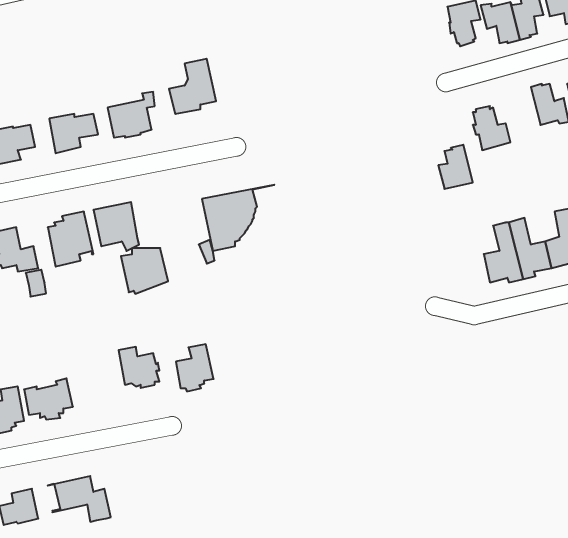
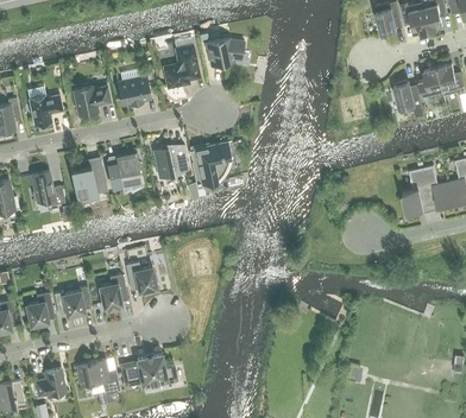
building: none -> [203,38,244,66]
building: [438,145,473,189] -> [418,66,445,100]
building: [121,248,168,294] -> [153,145,189,179]
building: [176,344,214,391] -> [100,274,128,310]
building: none -> [122,355,176,391]

